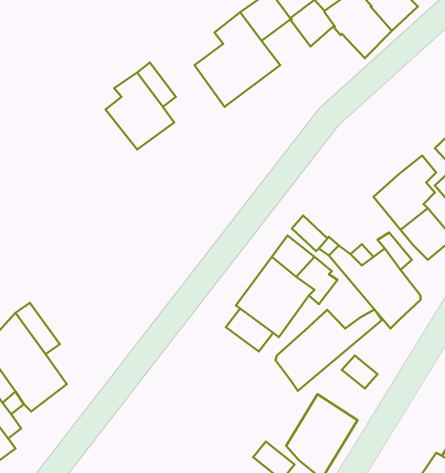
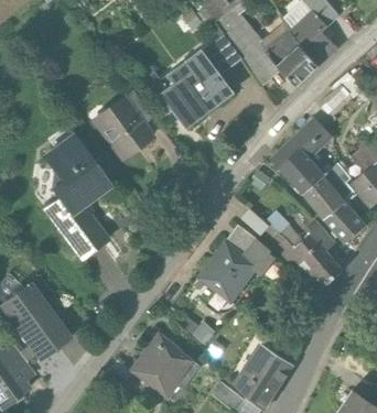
building: none -> [273,118,331,194]
building: none -> [44,135,109,258]
building: [276,309,382,391] -> none
building: none -> [130,333,200,402]

